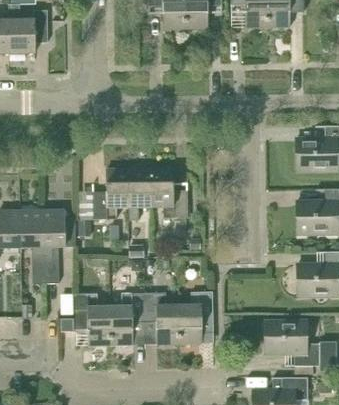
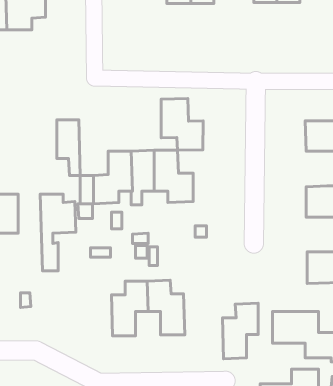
building: none -> [161,98,203,150]
building: [20,210,42,263] -> [57,120,80,175]
building: [178,291,212,344] -> [222,303,258,359]
building: [75,293,110,345] -> none

